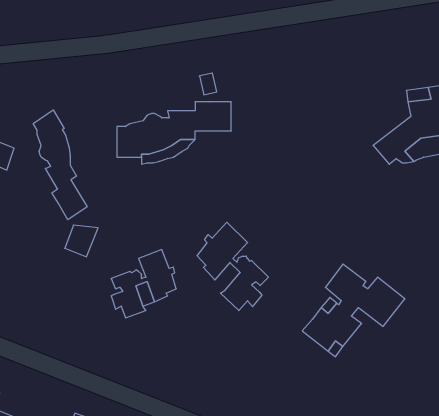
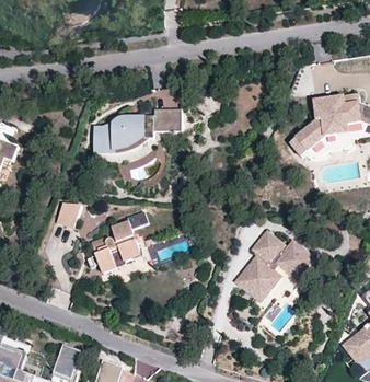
building: [33,110,87,220] -> none
building: [197,222,268,311] -> none

